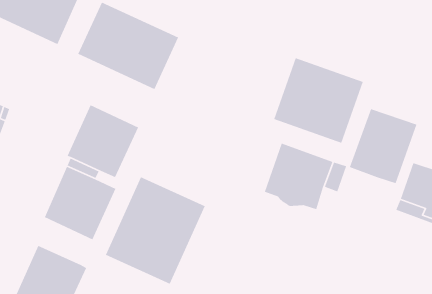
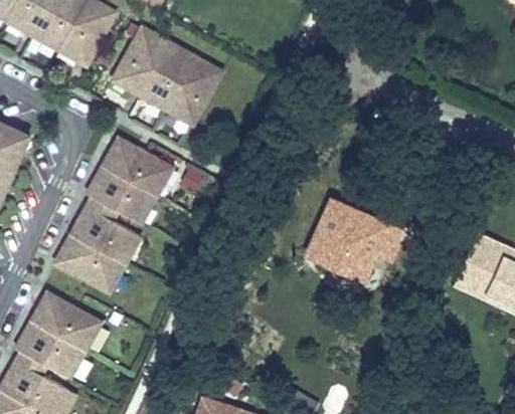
building: [273,57,364,144] -> none
building: [349,108,417,184] -> none
building: [105,176,206,285] -> none

